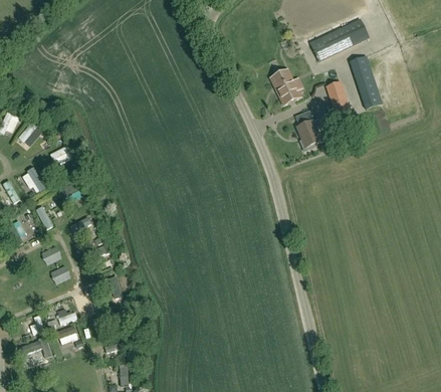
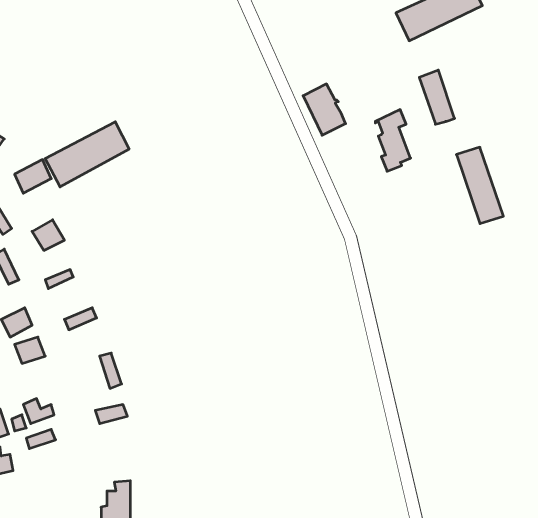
building: [351,56,383,109] -> [456,147,503,224]
building: [271,69,300,105] -> [303,84,346,135]
building: none -> [45,122,129,187]

